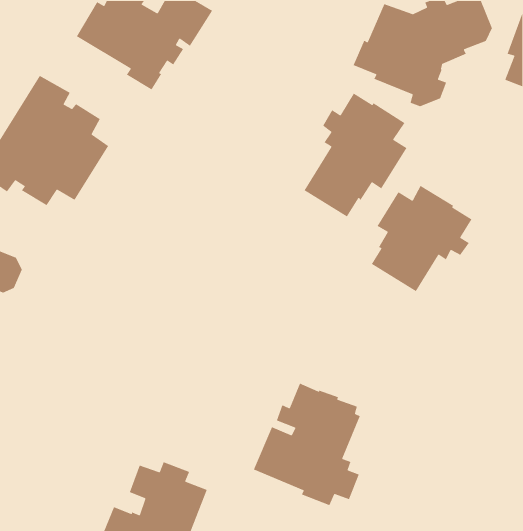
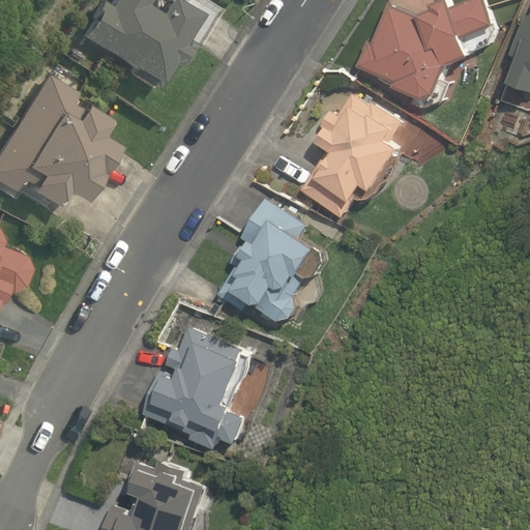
building: [371,185,472,292] -> none
building: none -> [218,199,325,322]
building: [253,382,361,506] -> [143,326,251,449]

